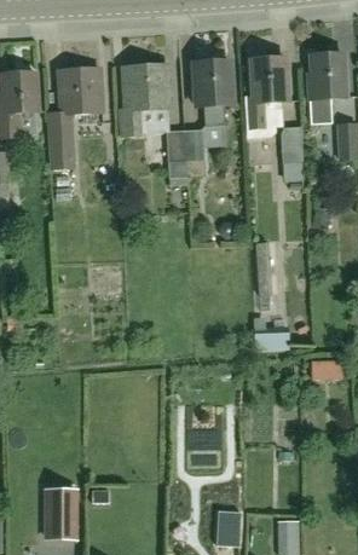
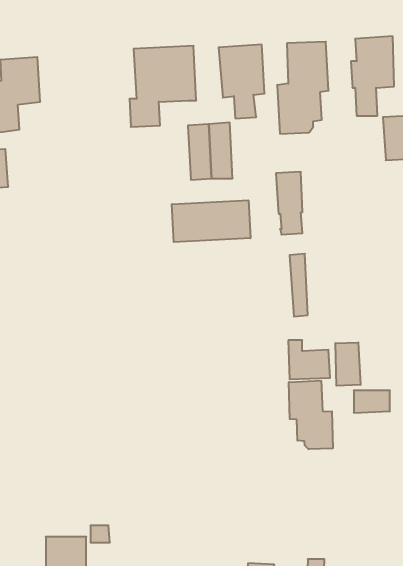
building: [45,65,103,169] -> none
building: [281,127,304,181] -> [276,172,302,235]
building: none -> [172,200,250,242]
building: none -> [335,342,360,386]
building: none -> [289,381,333,449]

